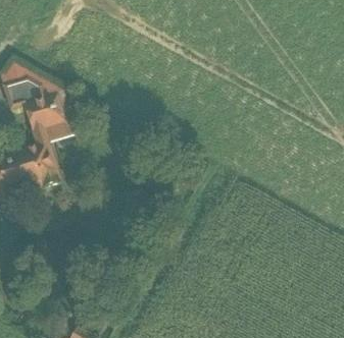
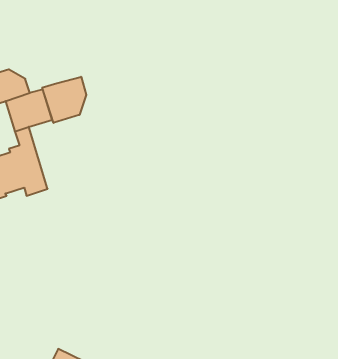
building: none -> [42,77,86,123]

